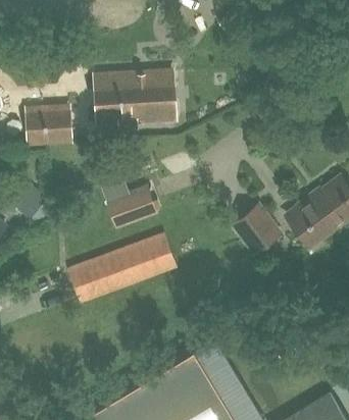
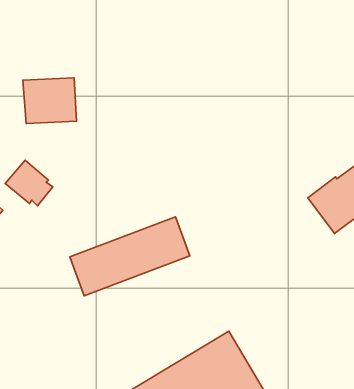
building: [92,73,174,126] -> none
building: [98,174,157,228] -> none
building: [229,202,282,256] -> none

